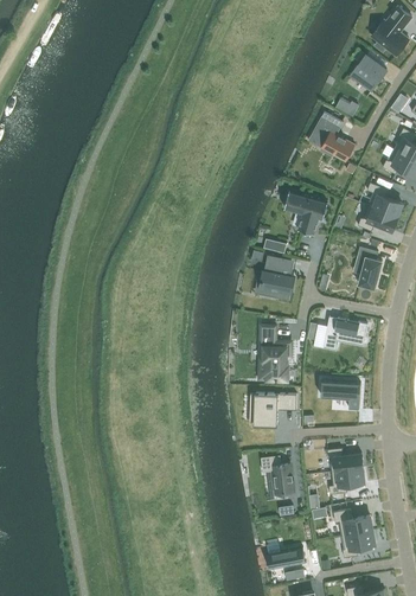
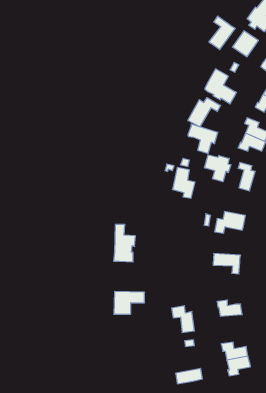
building: none -> [209,16,235,50]
building: none -> [188,98,221,127]
building: none -> [205,155,231,182]
building: [260,325,292,379] -> [114,225,135,262]
building: [252,392,297,425] -> [114,291,145,314]
building: [329,468,365,494] -> none

